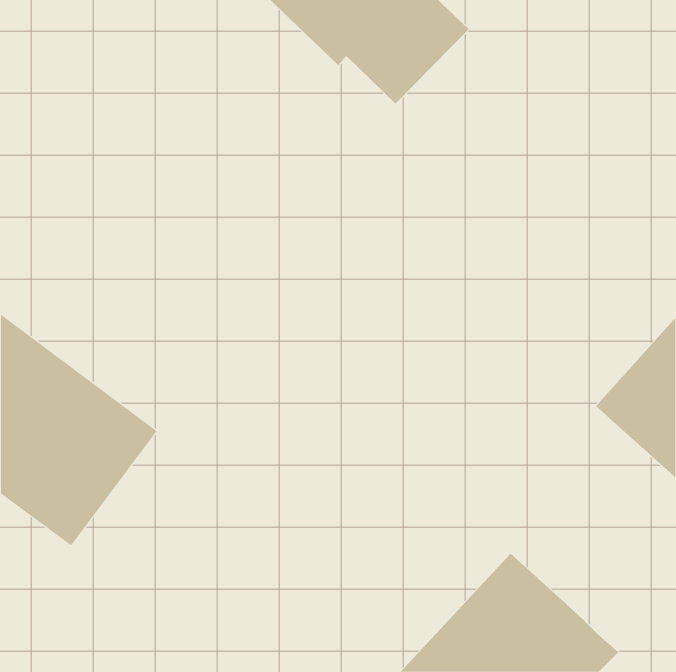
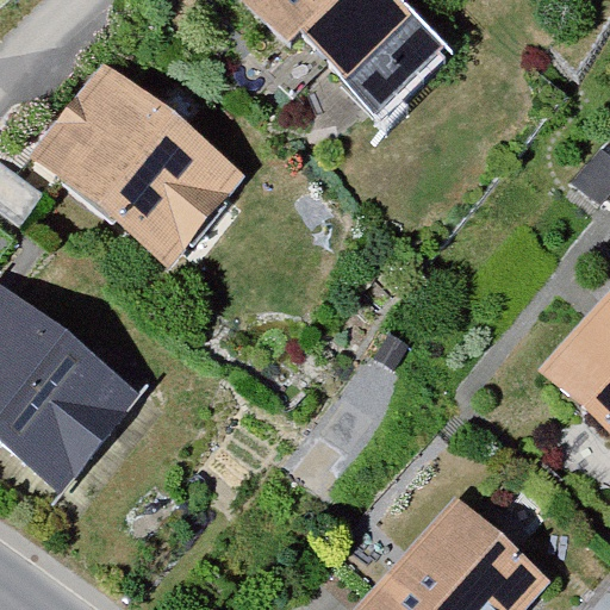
building: none -> [29,63,243,268]

